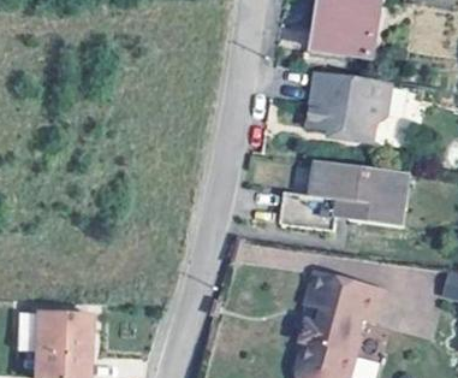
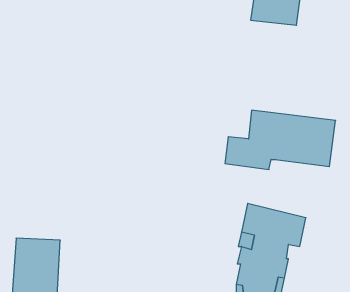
building: [309,72,389,142] -> none

